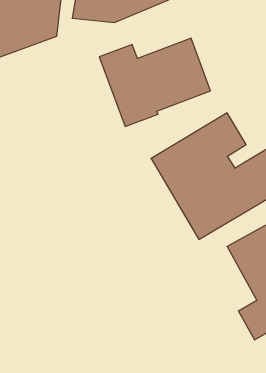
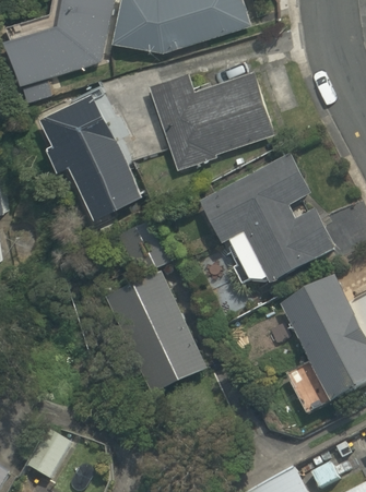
building: none -> [43,94,142,218]
building: none -> [102,267,208,398]

